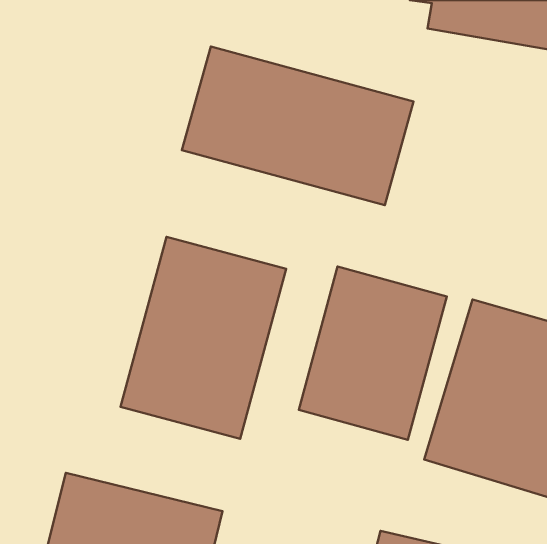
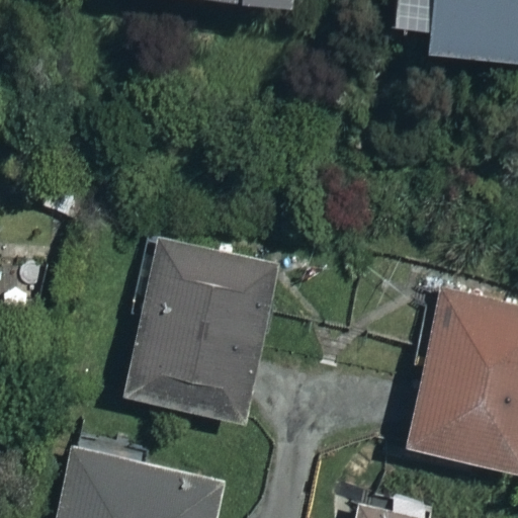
building: [182,47,414,205] -> none
building: [299,266,447,440] -> none

